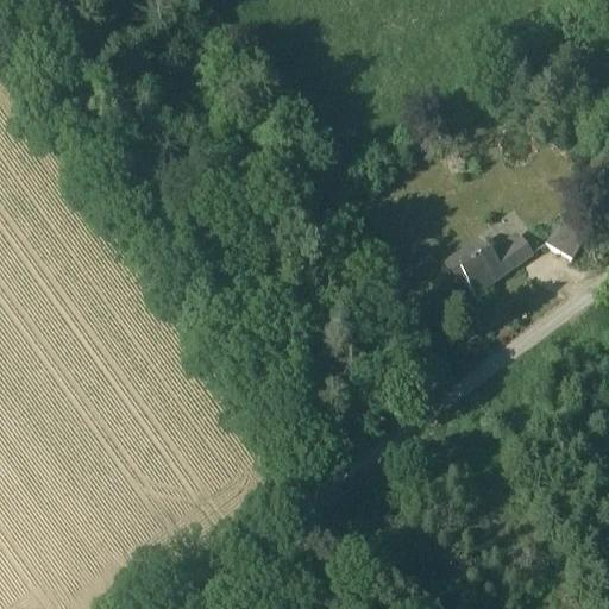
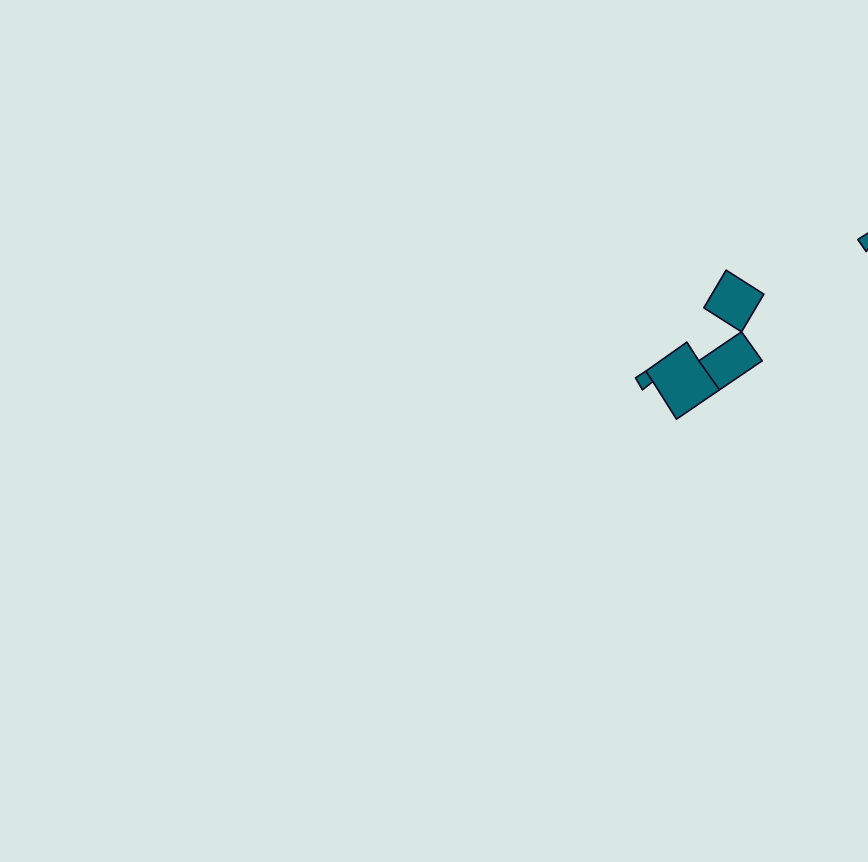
building: [548,214,590,257] -> [704,270,764,332]

